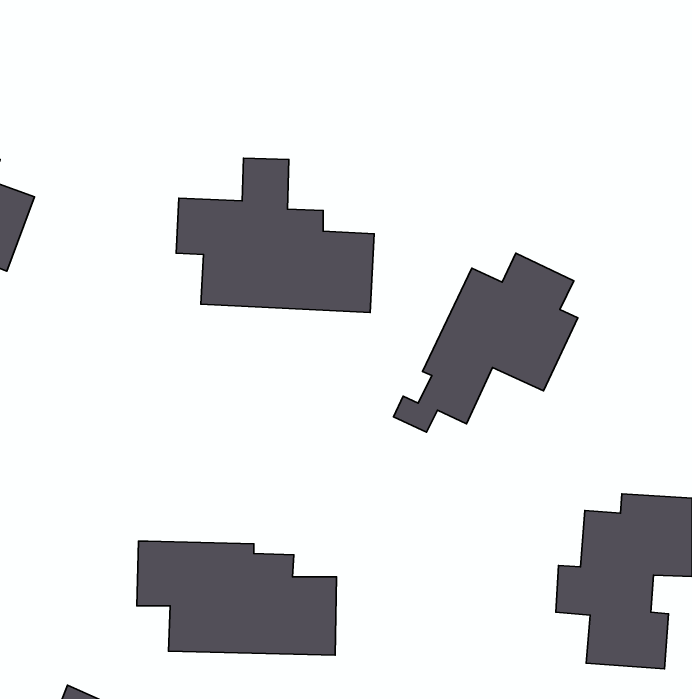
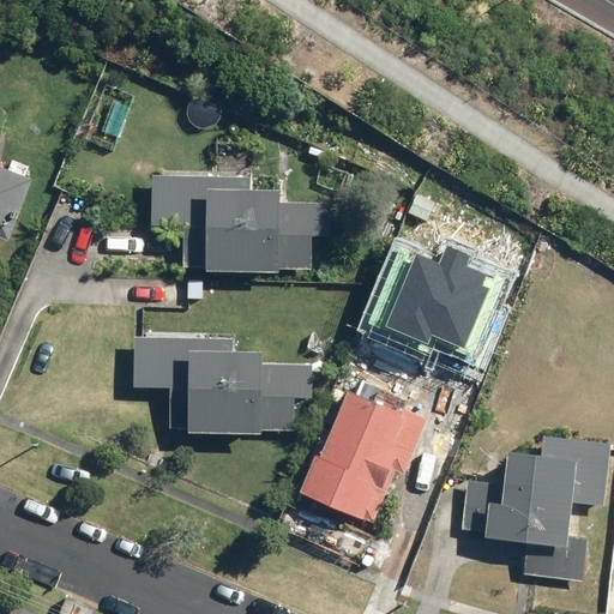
building: none -> [302,381,423,523]
building: [137,541,336,655] -> [130,335,303,434]

